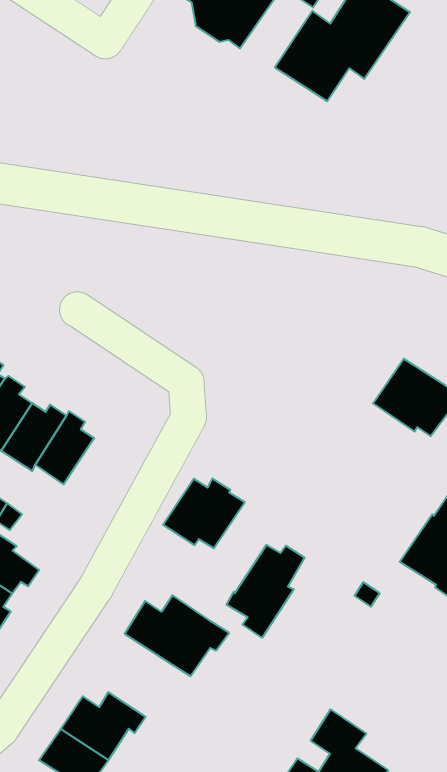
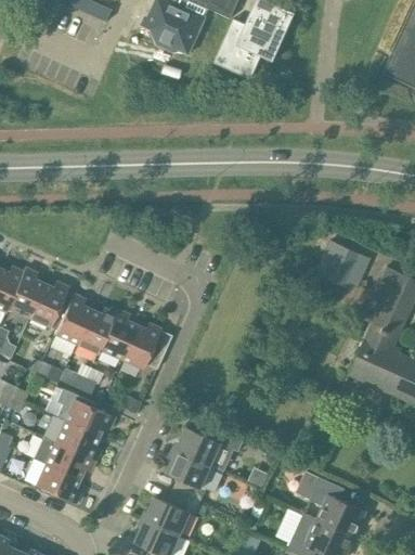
building: [163,478,245,548] -> [120,323,171,369]
building: [227,545,304,638] -> none
building: none -> [166,450,211,502]

